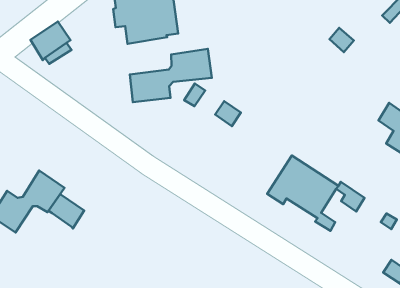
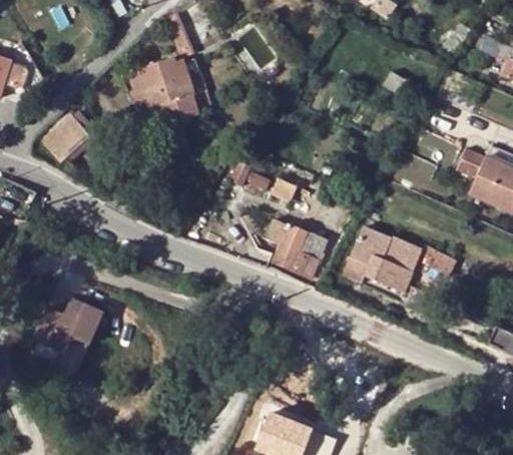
building: [130,49,212,102] -> none
building: none -> [274,223,328,278]
building: [49,194,84,229] -> none

